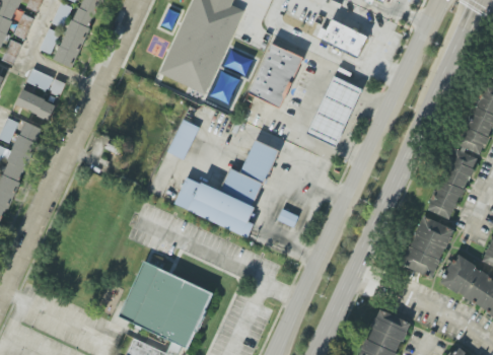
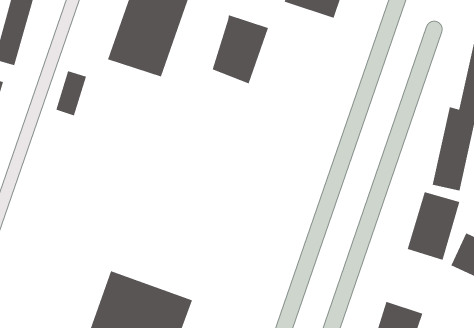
building: [301,72,356,144] -> none
building: [168,119,199,159] -> [55,70,87,116]
building: [177,138,280,234] -> none

